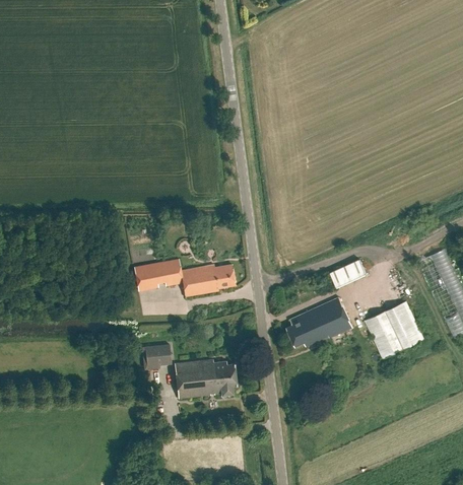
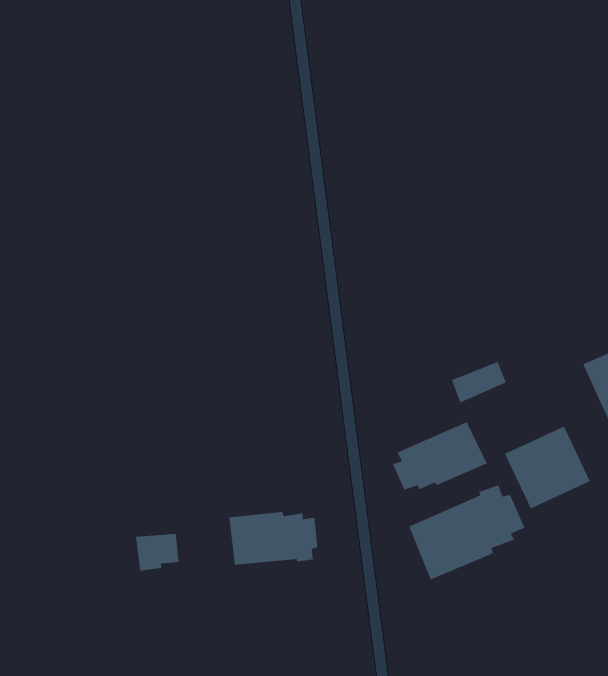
building: [134,260,236,298] -> none
building: none -> [408,484,525,581]
building: [141,344,172,370] -> [135,533,179,571]

